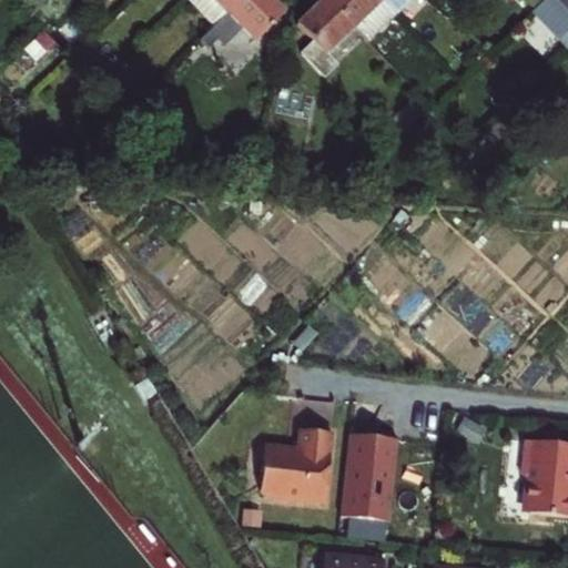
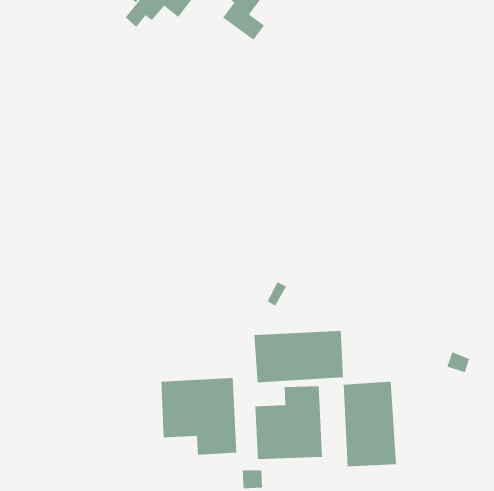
building: none -> [254,330,343,383]
building: none -> [161,377,237,455]

